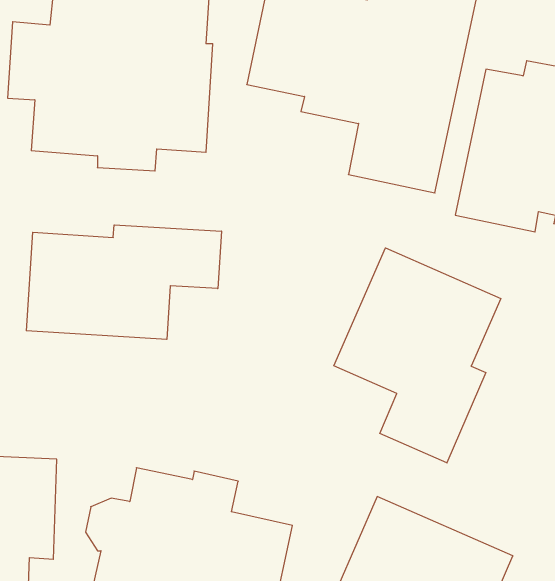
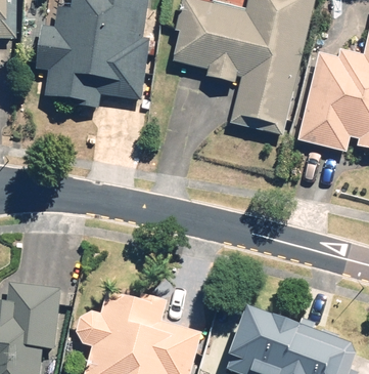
building: [26,225,221,339] -> none
building: [334,248,501,463] -> none

